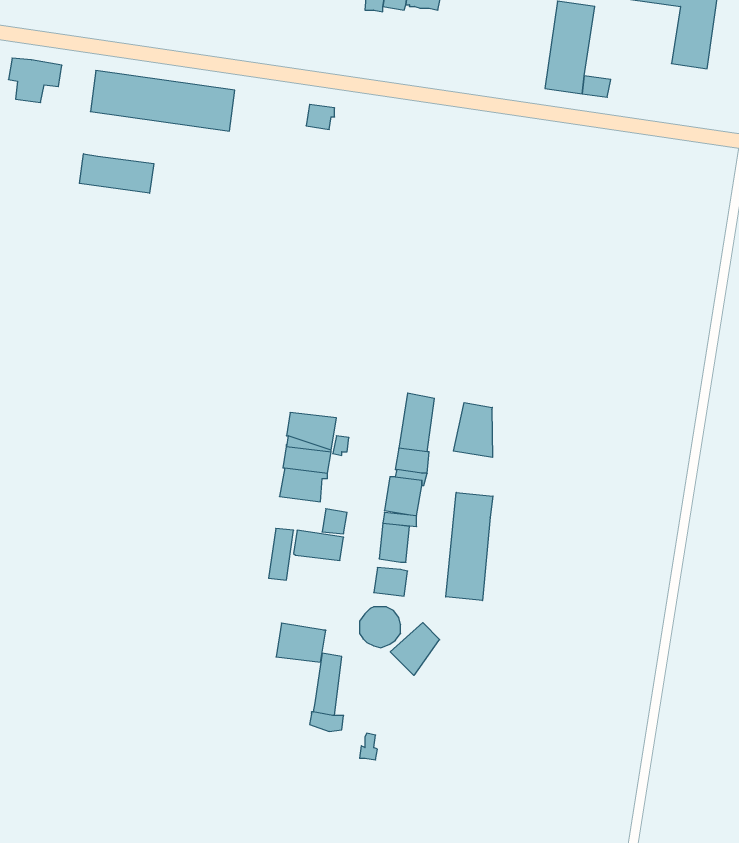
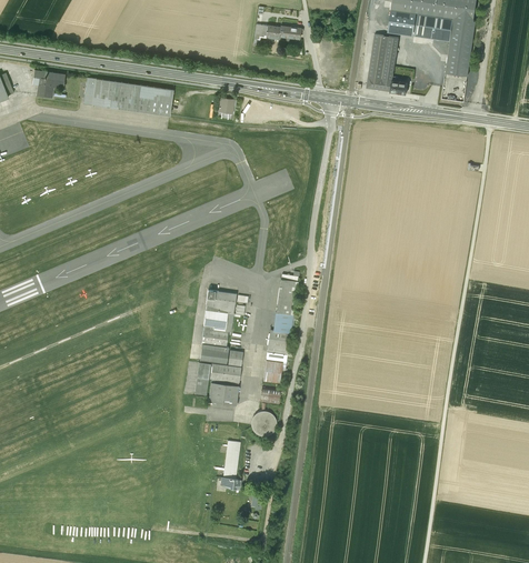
building: [79,154,154,193] -> none
building: [453,403,493,457] -> none
building: [446,492,493,601] -> none
building: none -> [200,343,229,363]
building: [390,623,440,675] -> none
building: [276,623,326,662] -> [208,381,239,405]

